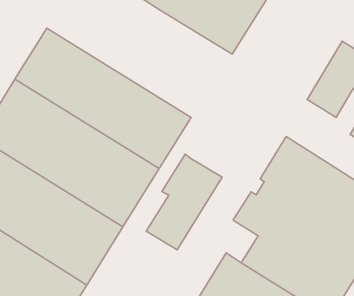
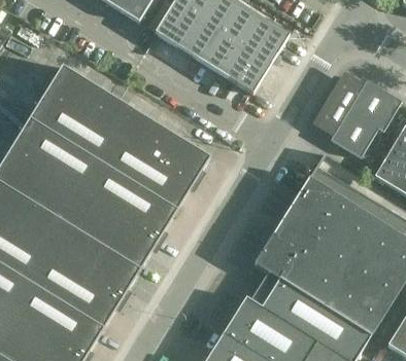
building: none -> [311,74,357,130]
building: [146,154,222,250] -> none

